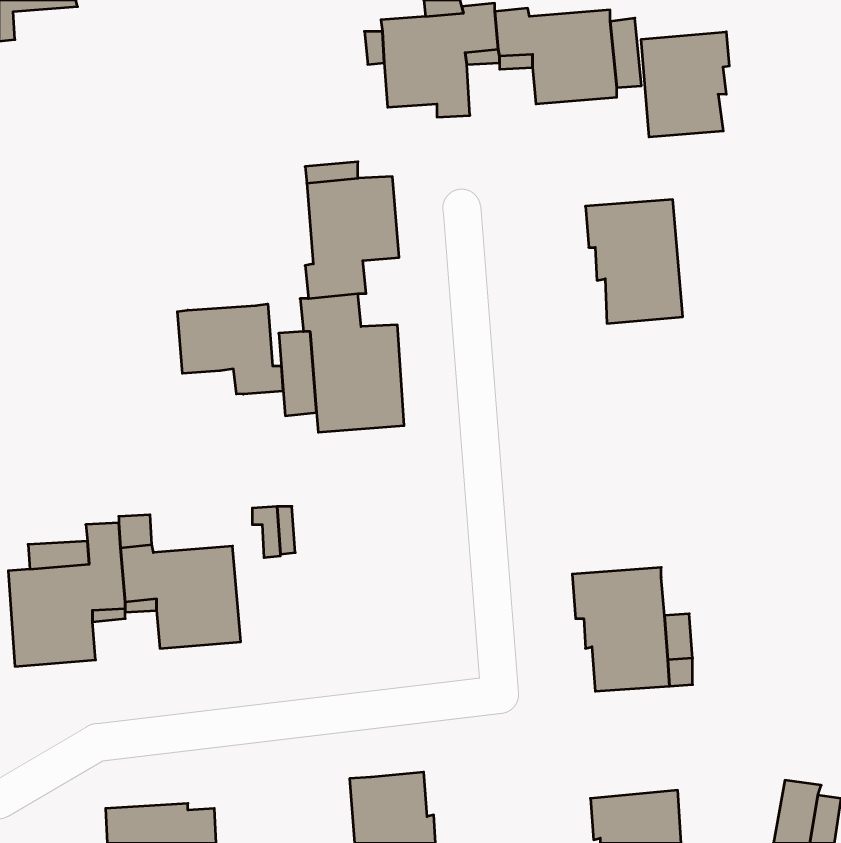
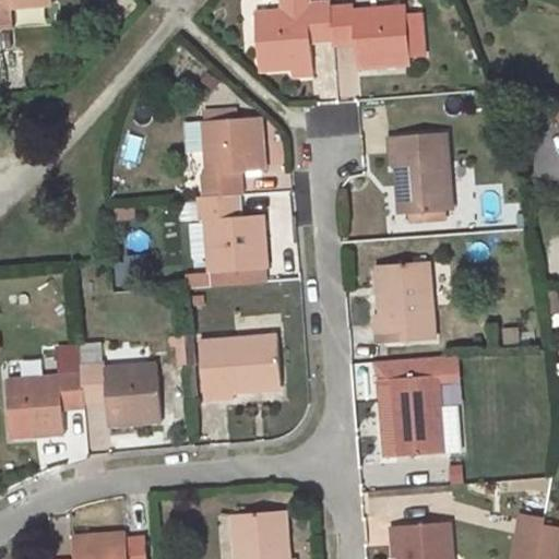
building: [641,32,729,137] -> none
building: [177,304,283,394] -> none
building: none -> [374,261,435,344]
building: none -> [199,335,281,400]
building: none -> [372,355,460,382]

